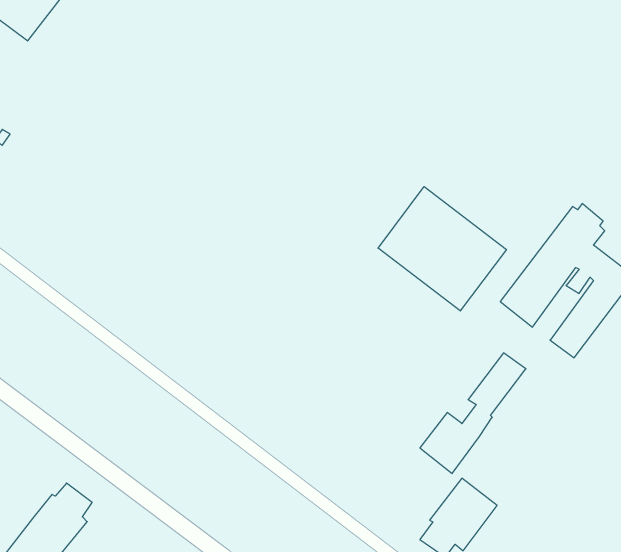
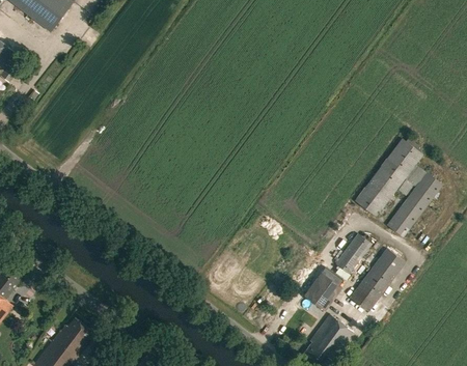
building: [378,187,506,311] -> none
building: none -> [350,247,406,310]

